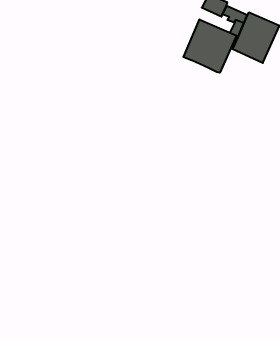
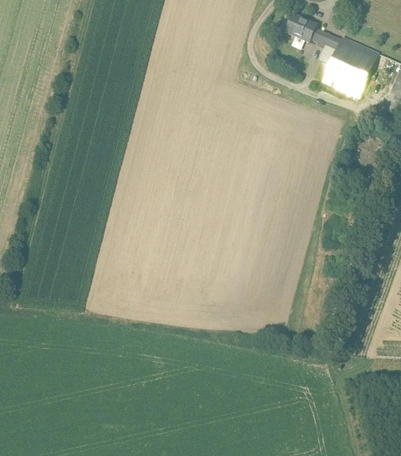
building: [183,19,236,73] -> none

